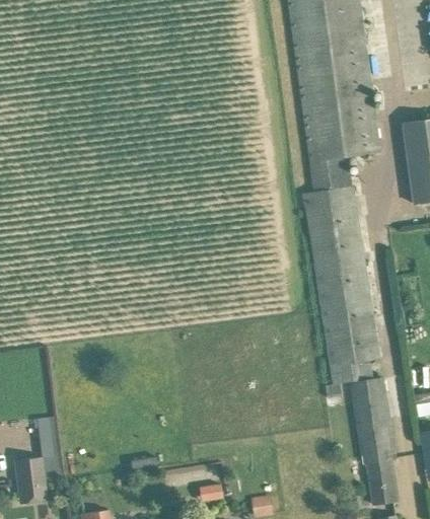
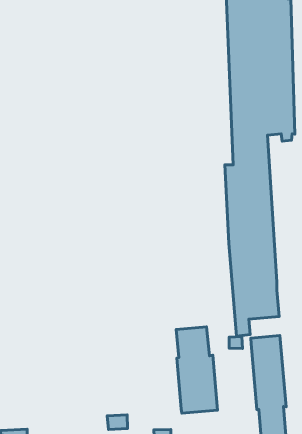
building: none -> [176,327,218,413]

